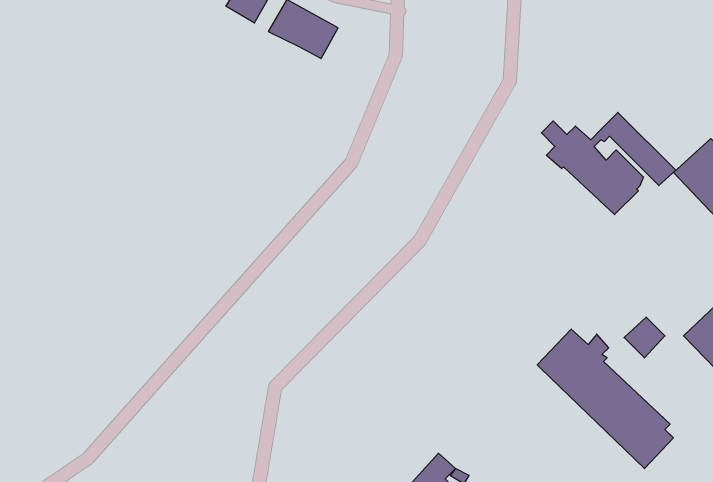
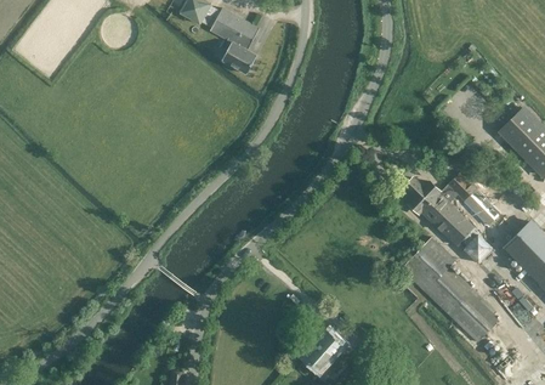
building: none -> [221,41,256,73]
building: [541,112,676,215] -> [404,172,500,245]

